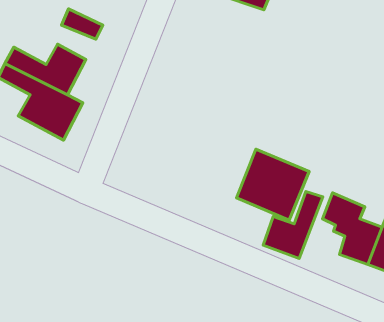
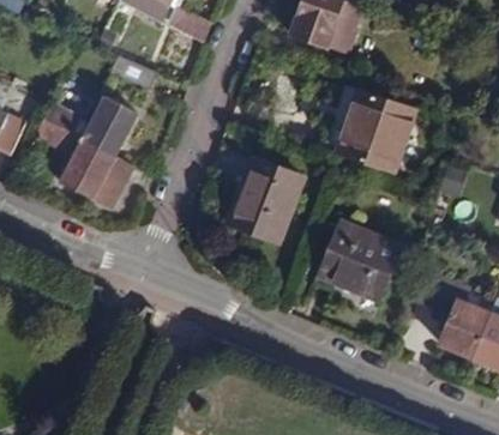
building: none -> [323,83,416,174]
building: none -> [228,159,302,242]
building: [263,191,323,259] -> none

